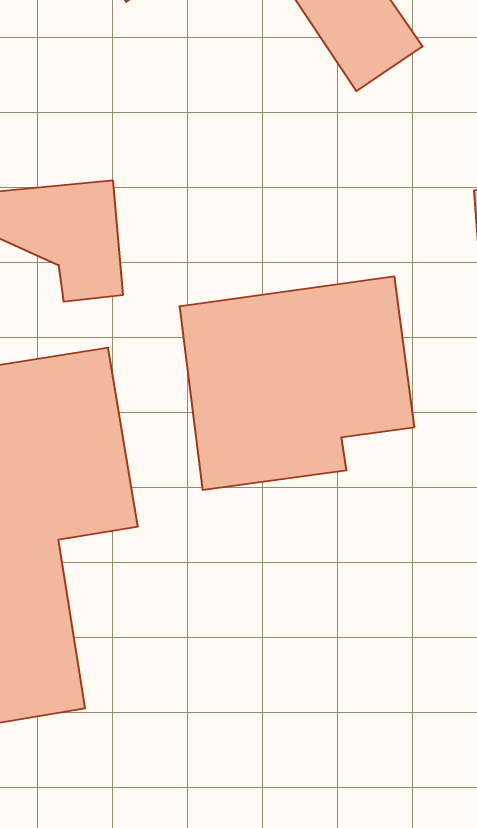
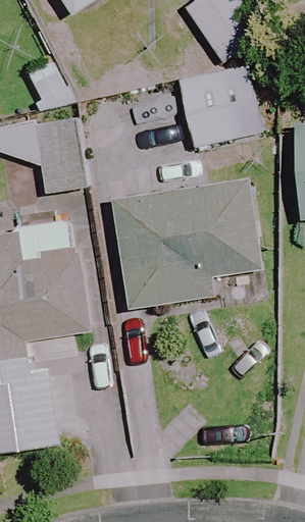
building: none -> [175,66,261,149]

